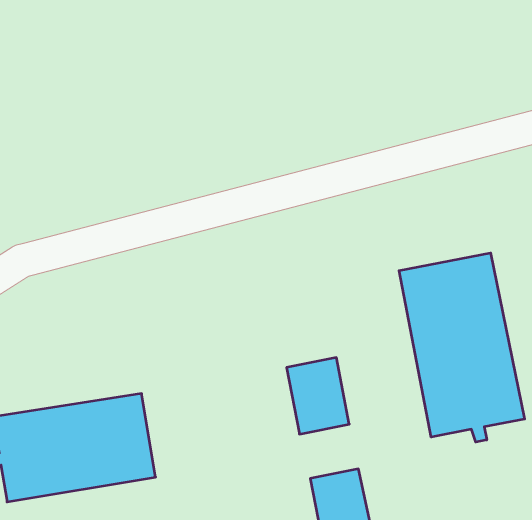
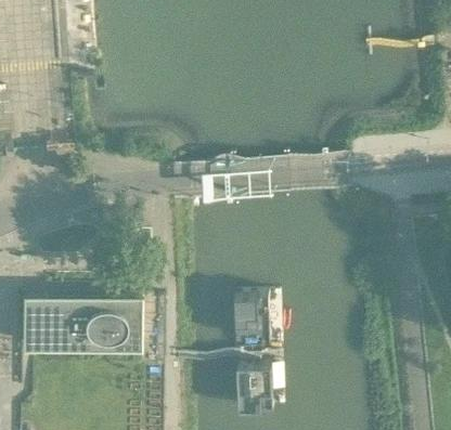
building: [399,253,525,442] -> none

